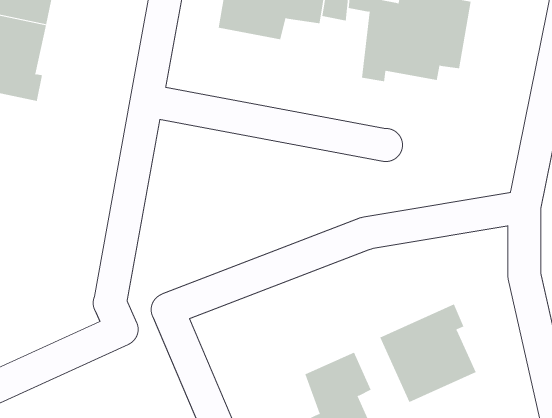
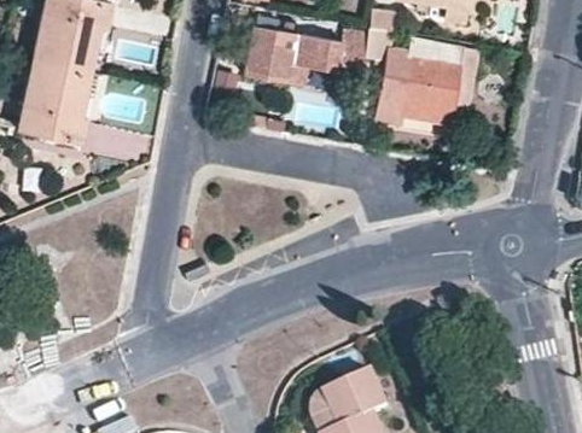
building: [380,304,477,403] -> none

